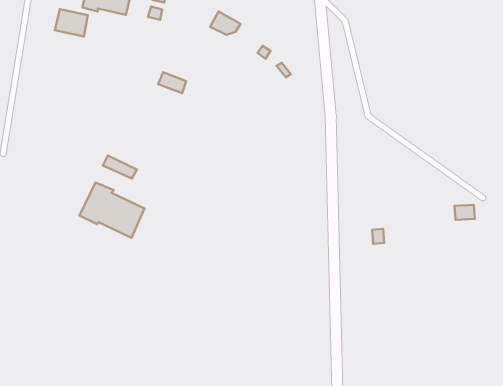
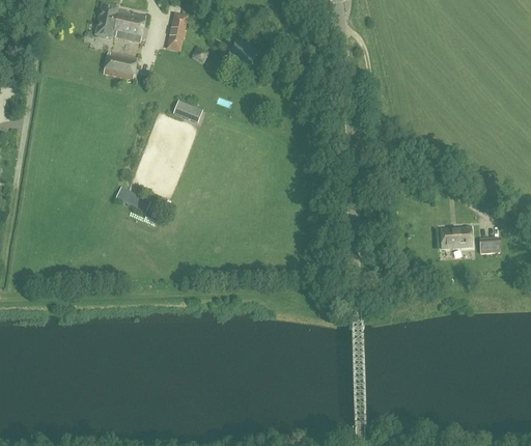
building: [55,9,88,36] -> [103,52,137,80]
building: [80,182,145,238] -> none
building: none -> [440,227,472,248]

